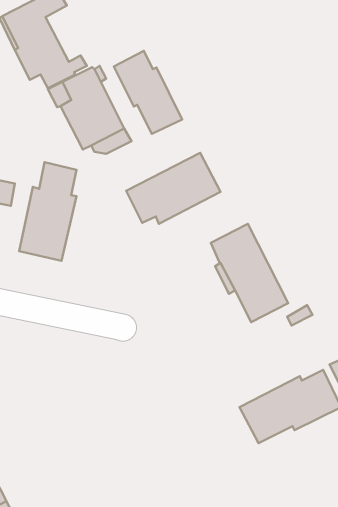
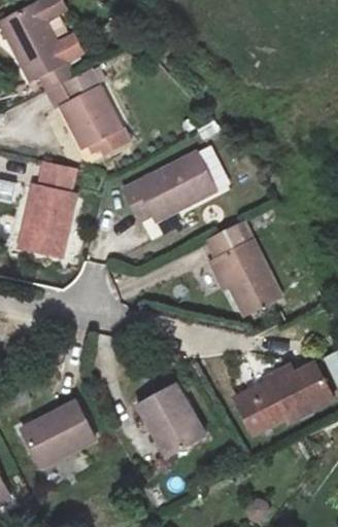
building: [114,51,182,134] -> none
building: none -> [137,382,206,456]
building: none -> [22,400,96,466]

